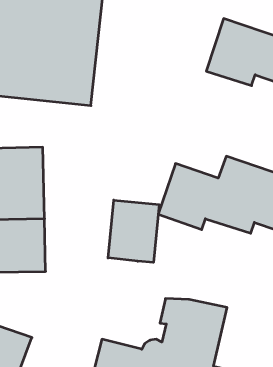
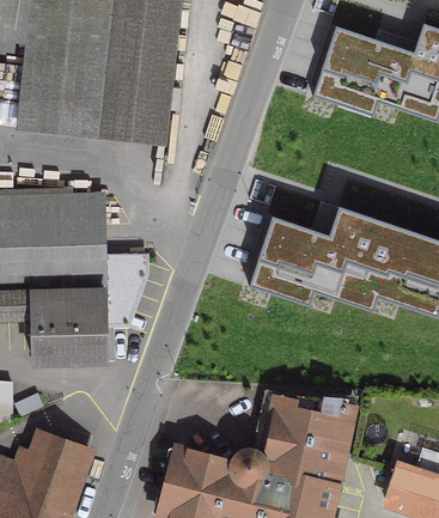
building: [108,200,159,262] -> none

